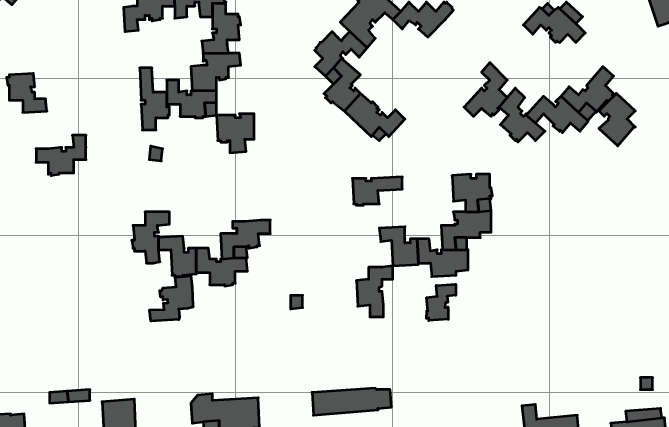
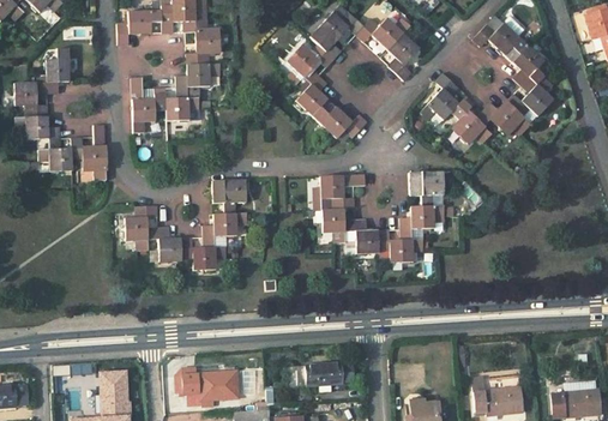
building: none -> [387,34,420,80]
building: none -> [36,48,70,94]
building: [599,93,635,146] -> [512,46,544,92]
building: none -> [14,115,60,149]
building: [216,114,254,153] -> [212,179,246,213]
building: none -> [82,124,107,180]
building: [356,266,393,317] -> [321,197,354,242]
building: [150,276,193,321] -> none
building: [426,284,456,321] -> none

